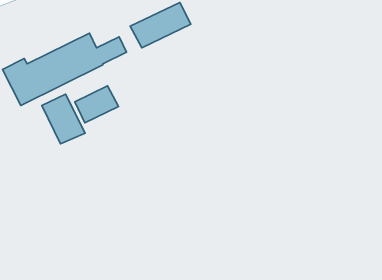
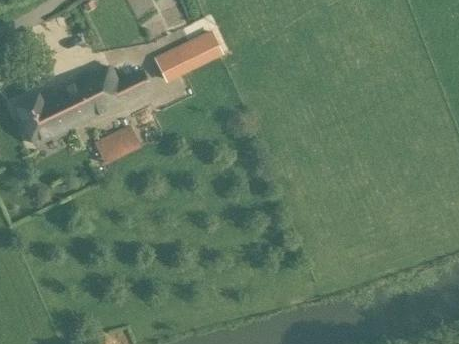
building: [42,94,85,144] -> none

